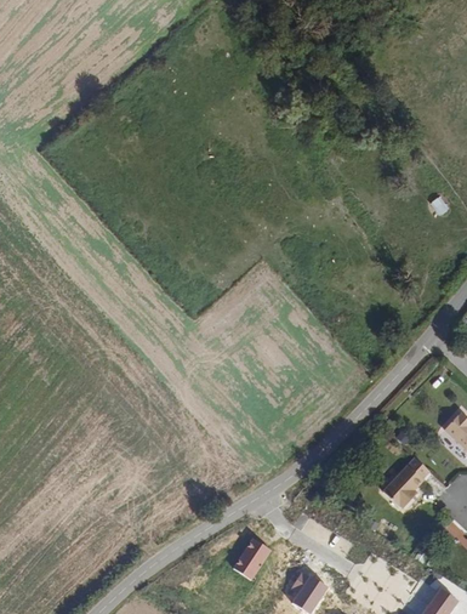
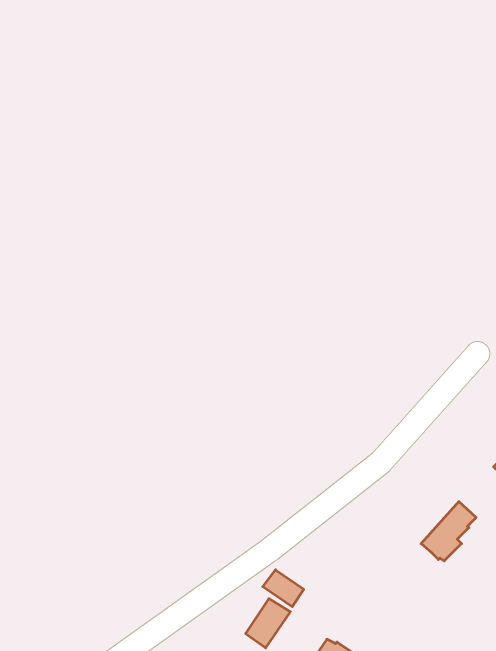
building: none -> [263,570,304,607]

